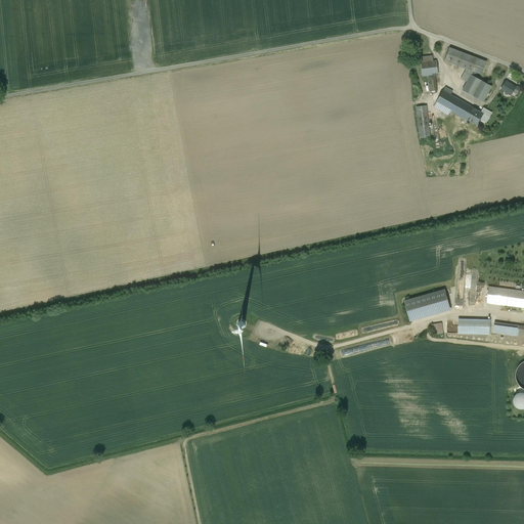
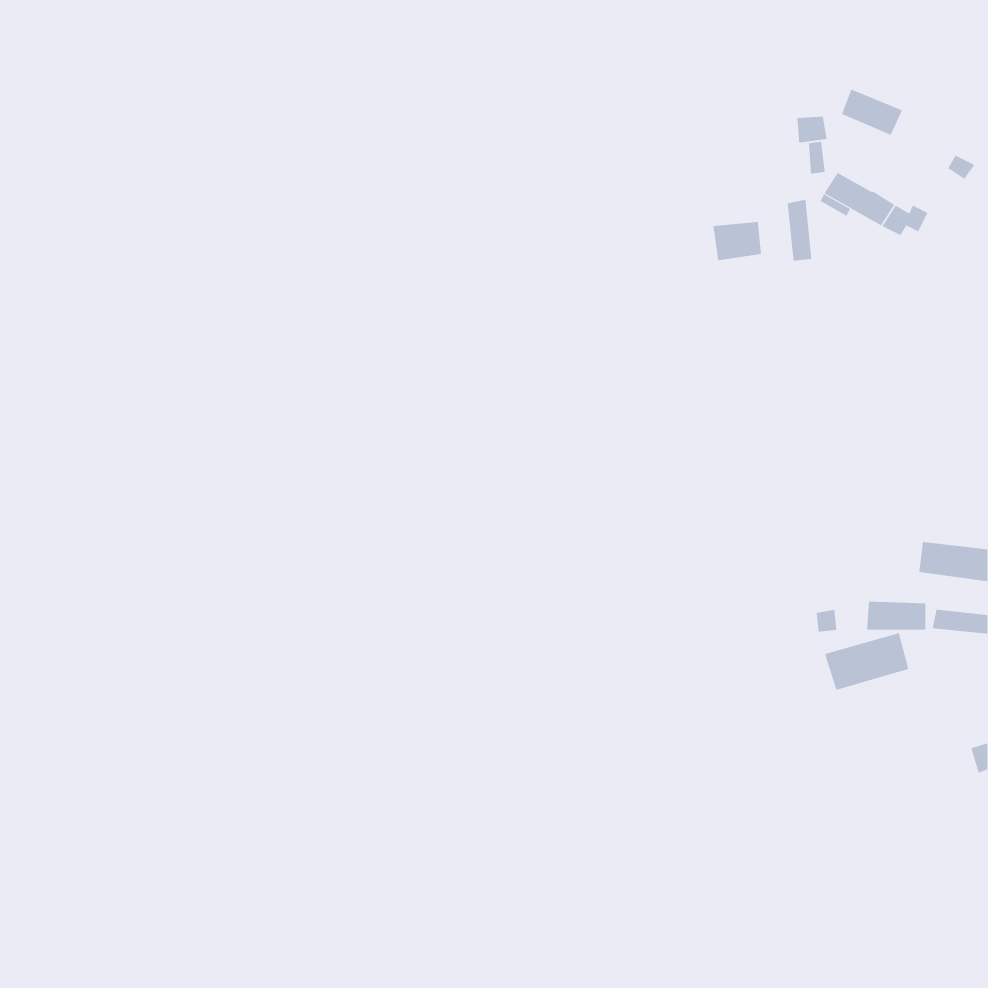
building: [463,75,491,102] -> none
building: none -> [713,221,762,261]
building: [404,290,449,320] -> [824,633,909,691]

